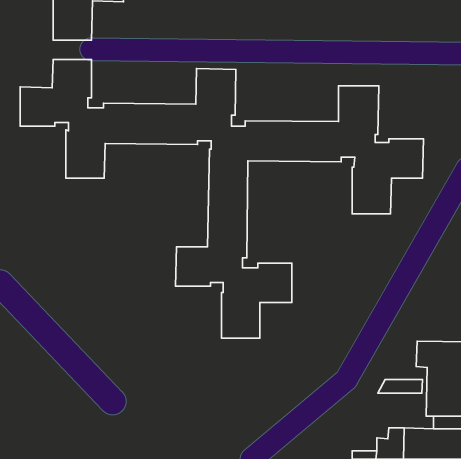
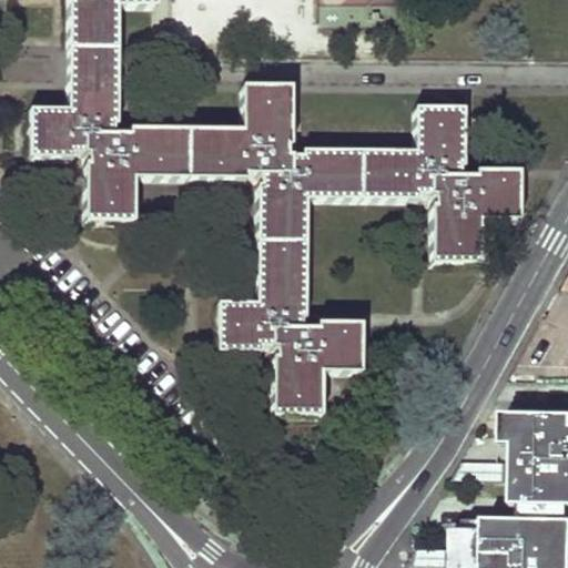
building: none -> [72,49,119,72]

